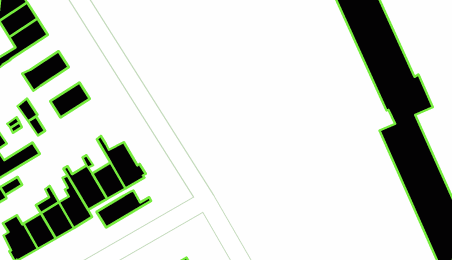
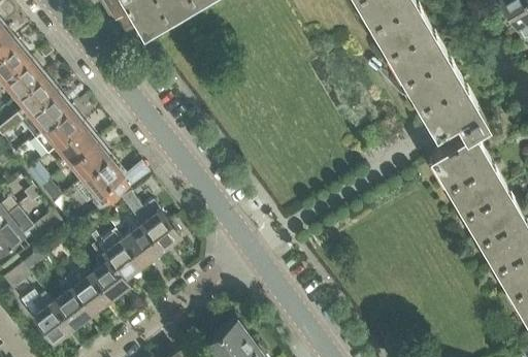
building: none -> [20,93,71,133]
building: none -> [56,126,98,165]
building: none -> [74,158,126,212]
building: [97,190,151,227] -> none

